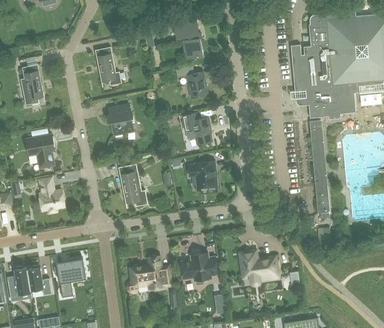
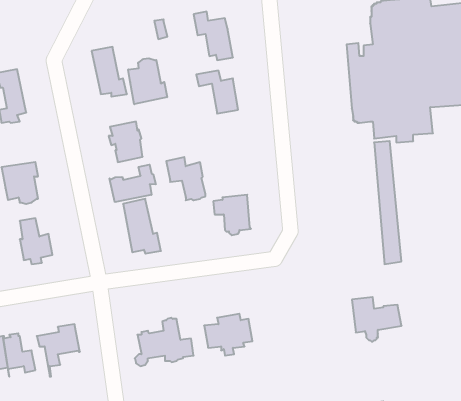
building: none -> [128,58,167,104]
building: [181,111,211,144] -> [166,157,205,200]
building: none -> [110,165,156,202]
building: [239,248,277,282] -> [352,297,402,341]

